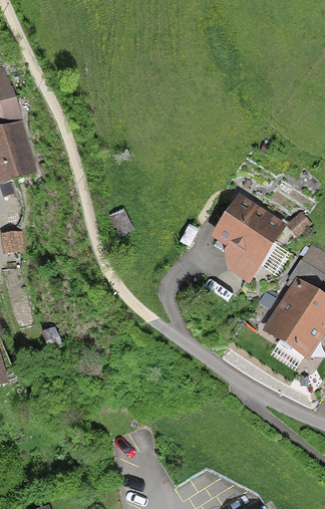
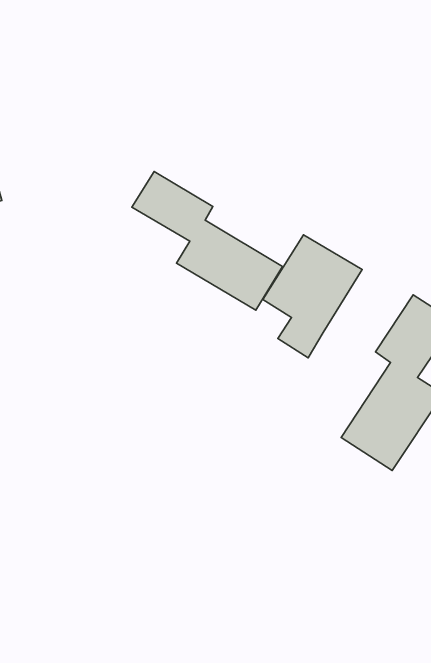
building: none -> [132,171,283,310]

